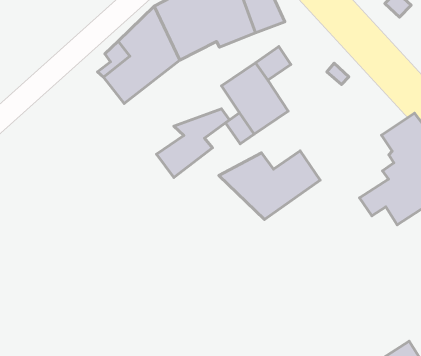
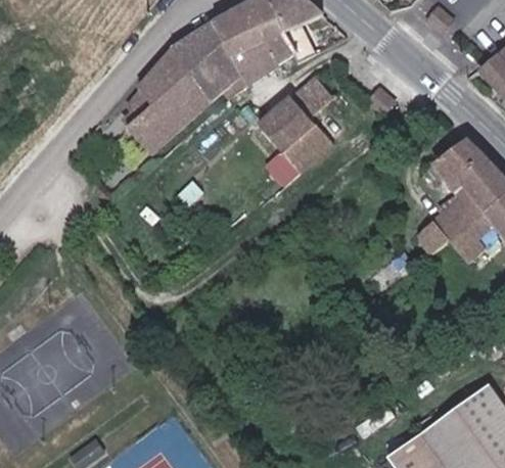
building: [157,109,230,178] -> none
building: [219,151,320,219] -> none

